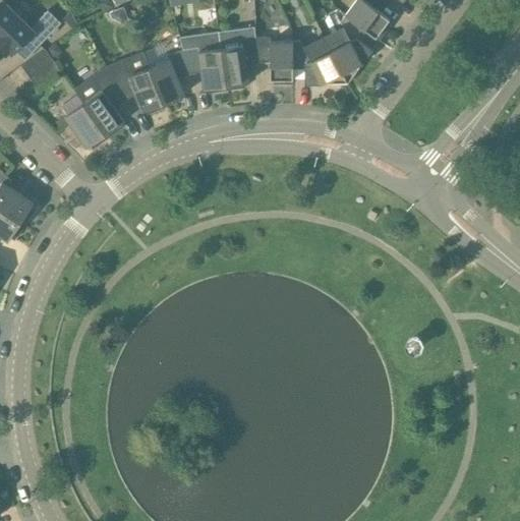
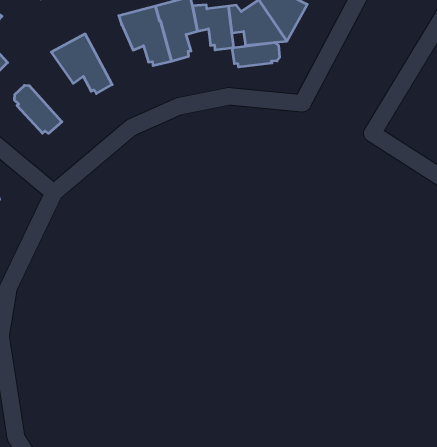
building: [148,46,188,106] -> none
building: [72,65,123,137] -> none
building: none -> [232,42,280,67]

